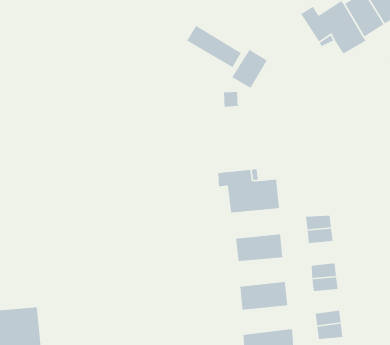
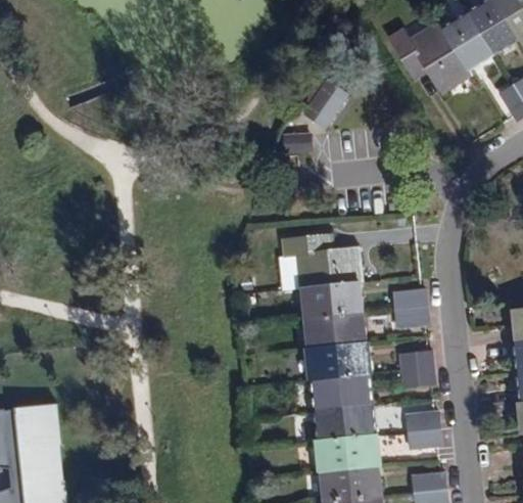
building: [186,25,242,68] -> none
building: none -> [301,283,363,320]
building: none -> [305,345,371,380]
building: none -> [314,405,375,441]

